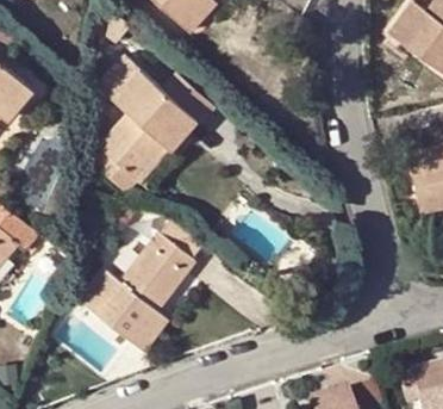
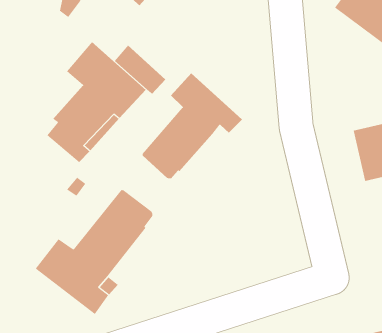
building: none -> [142,73,243,179]

